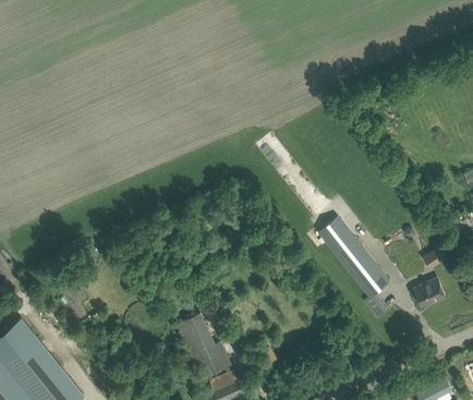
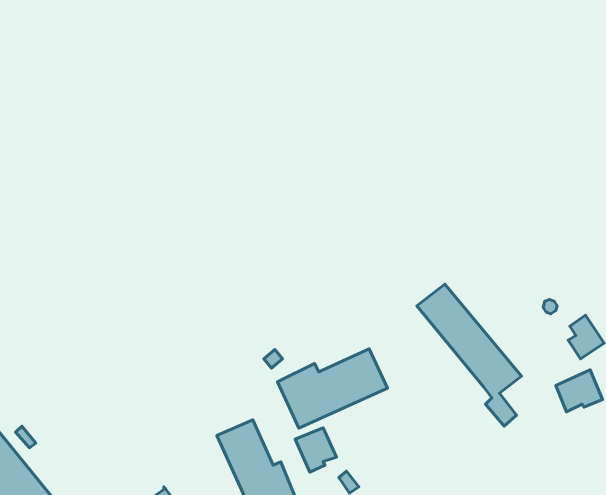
building: none -> [278,349,387,428]
building: none -> [295,428,337,472]

